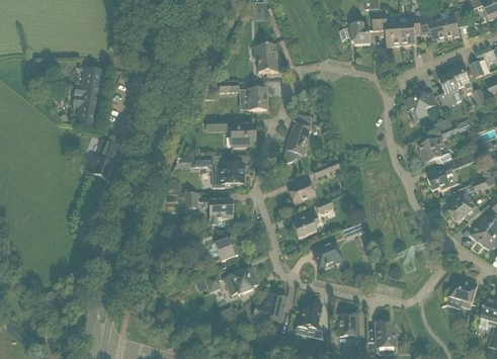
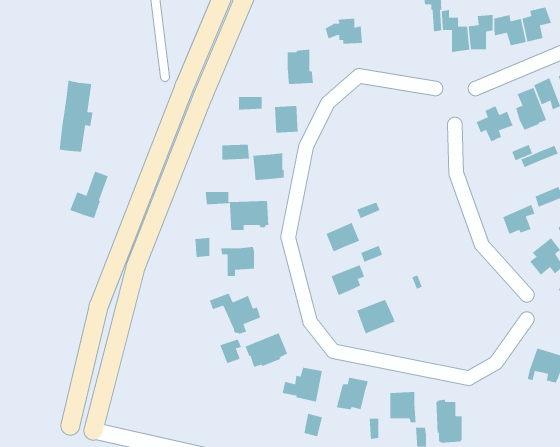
building: [340,22,370,43] -> [324,18,363,45]
building: [281,120,310,161] -> none
building: [419,137,452,163] -> none

